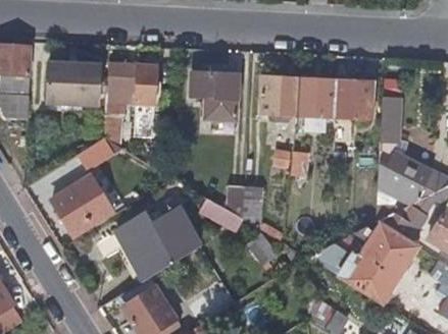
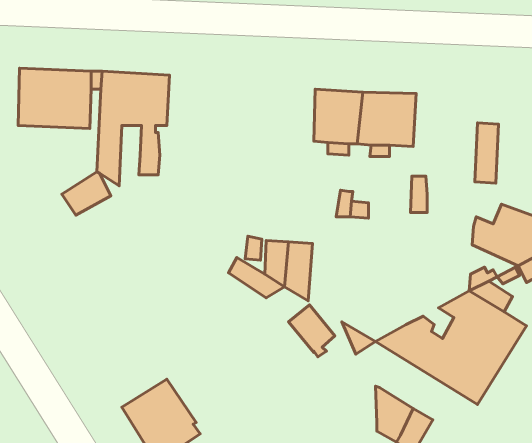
building: [192,72,238,118] -> none
building: [335,78,374,119] -> none
building: [51,174,110,232] -> none
building: [115,208,200,279] -> none

